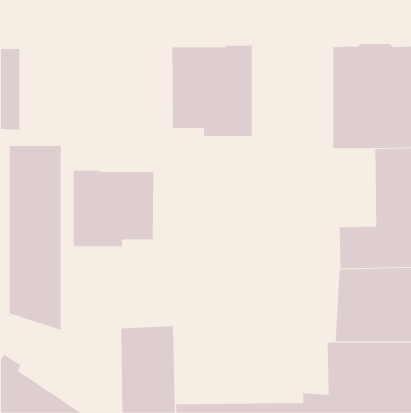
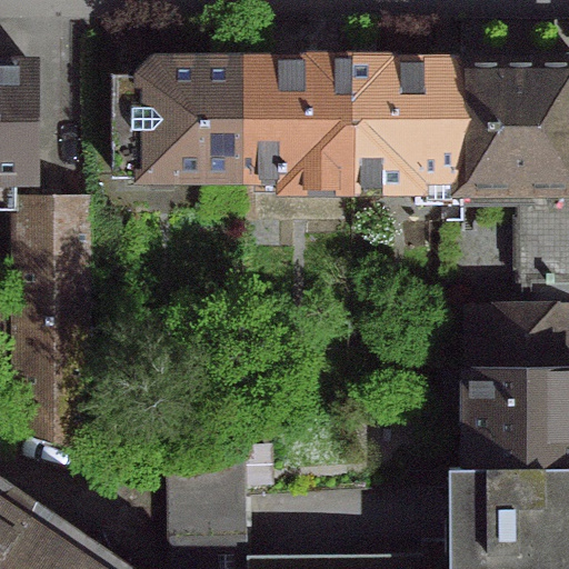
building: none -> [350,62,460,204]
building: none -> [113,63,240,177]
building: [73,170,154,247] -> none

